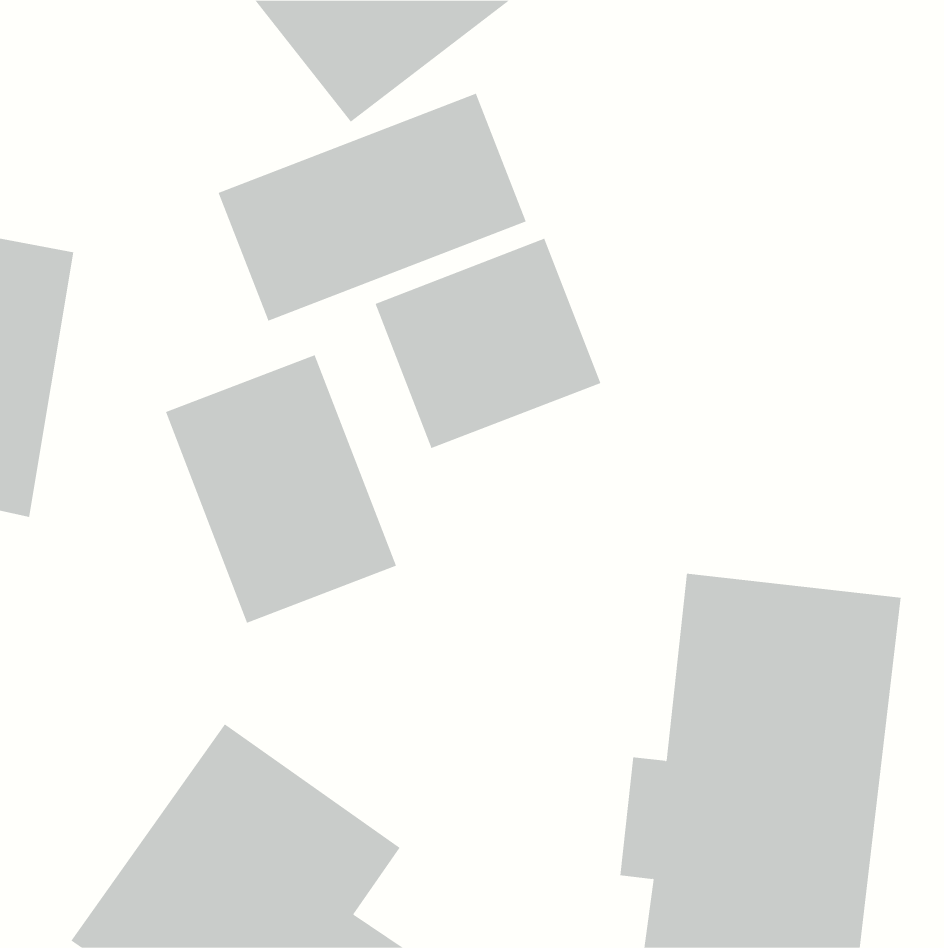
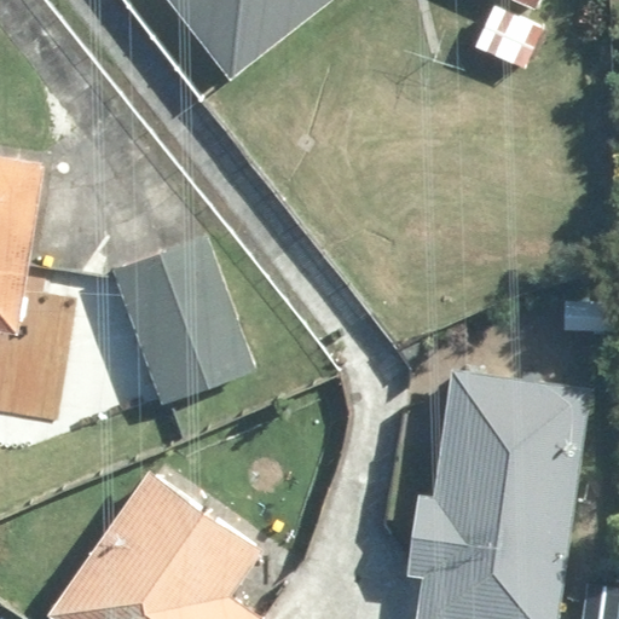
building: [218,93,527,321] -> none
building: [375,238,601,449] -> none

